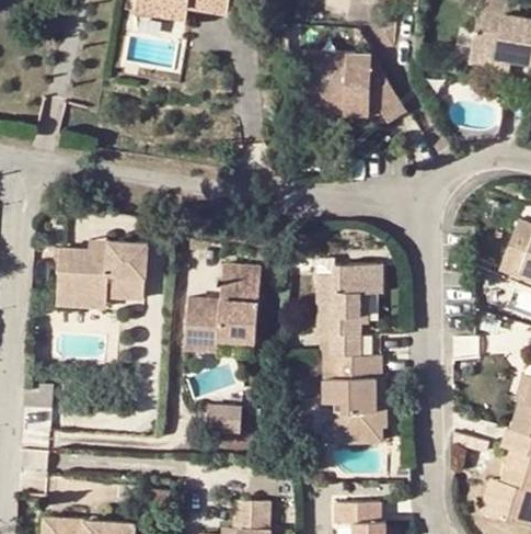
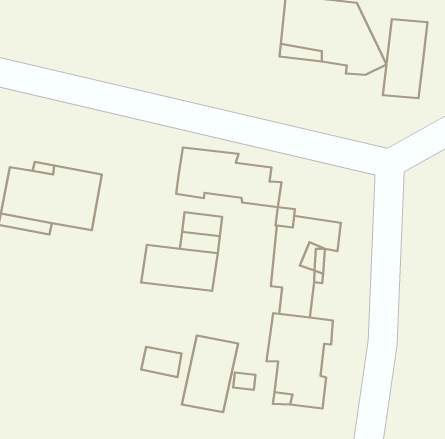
building: none -> [383,19,428,98]
building: none -> [176,148,281,207]
building: none -> [182,336,238,412]

